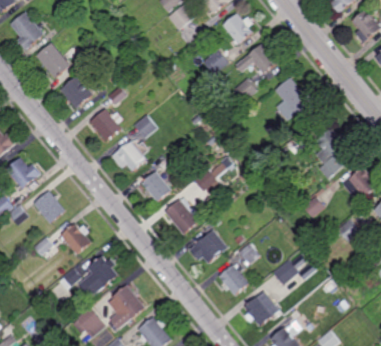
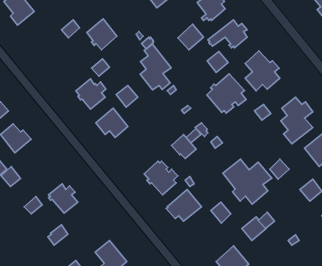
building: [35,42,69,78] -> none
building: none -> [140,44,171,90]
building: [59,75,92,109] -> [87,19,117,50]
building: none -> [207,74,246,113]
building: [141,171,171,202] -> none
building: [33,191,65,224] -> none
building: none -> [223,159,272,204]
building: [77,256,118,299] -> none
building: [216,263,248,296] -> none

